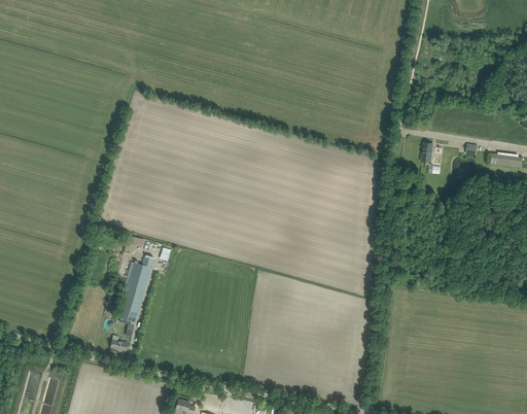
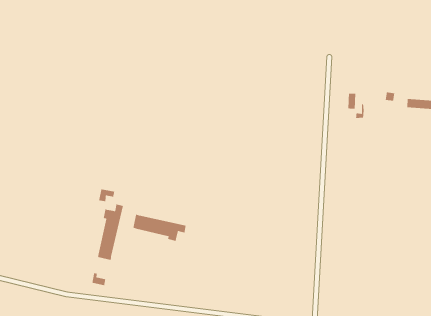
building: none -> [132,214,187,242]

